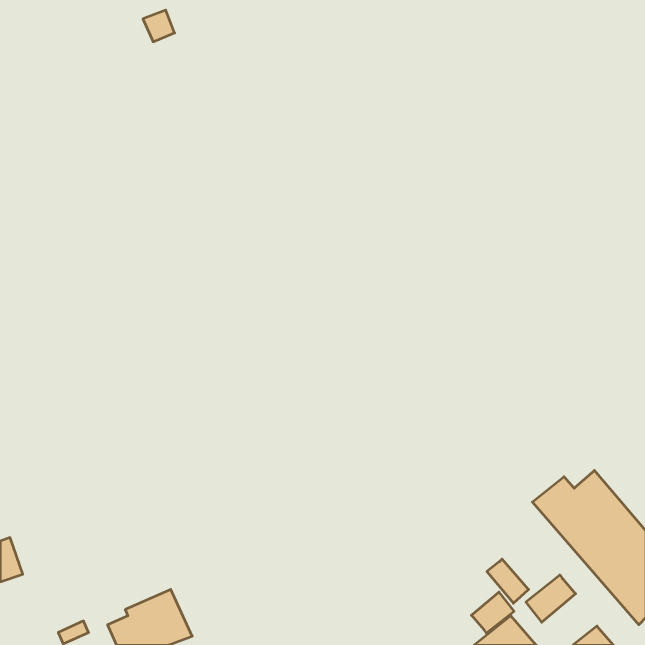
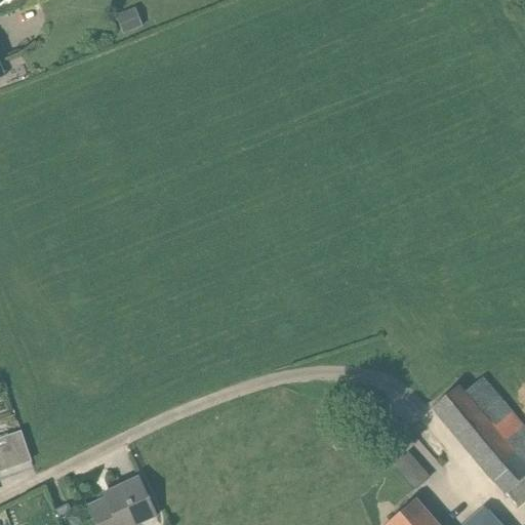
building: [526,575,576,622] -> none
building: [471,592,514,633] -> none

